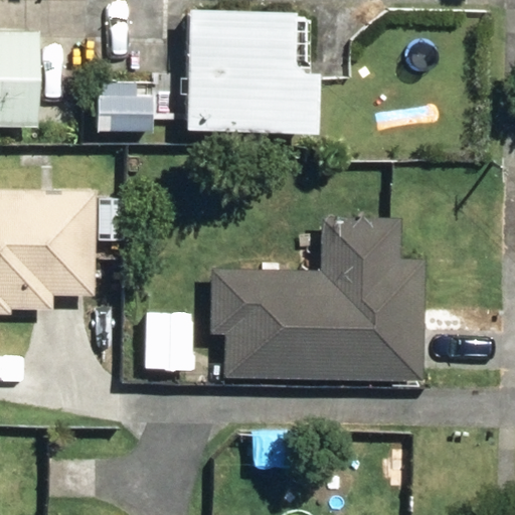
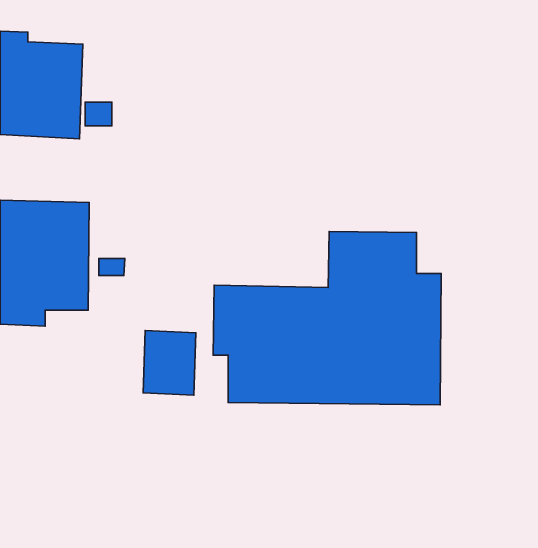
building: [166,8,312,134] -> none

